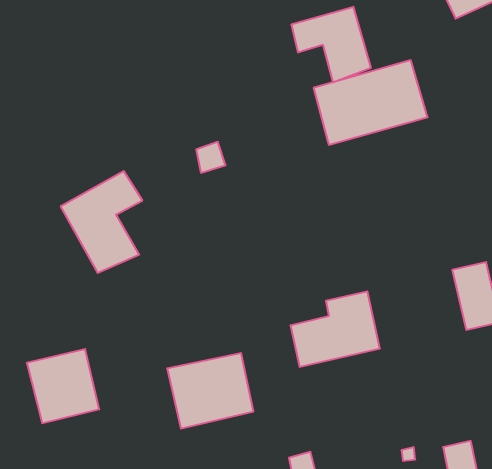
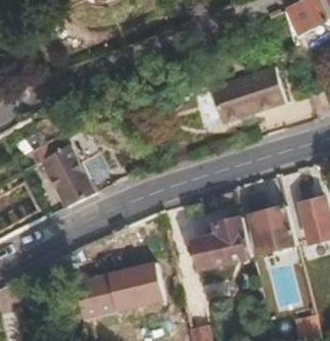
building: [292,7,371,82] -> none
building: none -> [251,205,296,252]
building: [27,349,99,423] -> [73,269,121,318]

